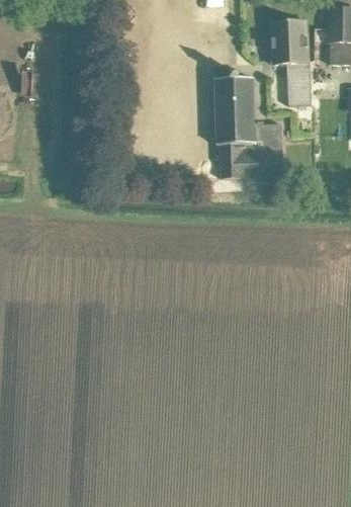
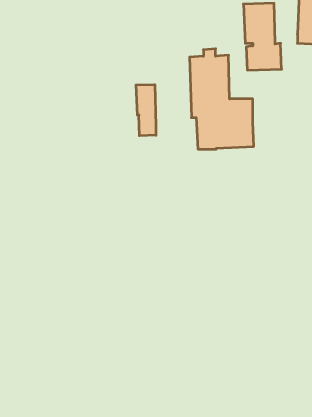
building: none -> [136,85,156,136]

